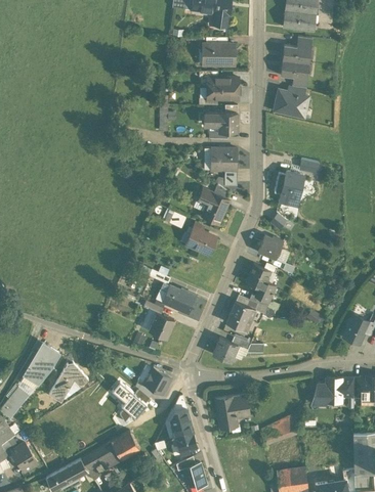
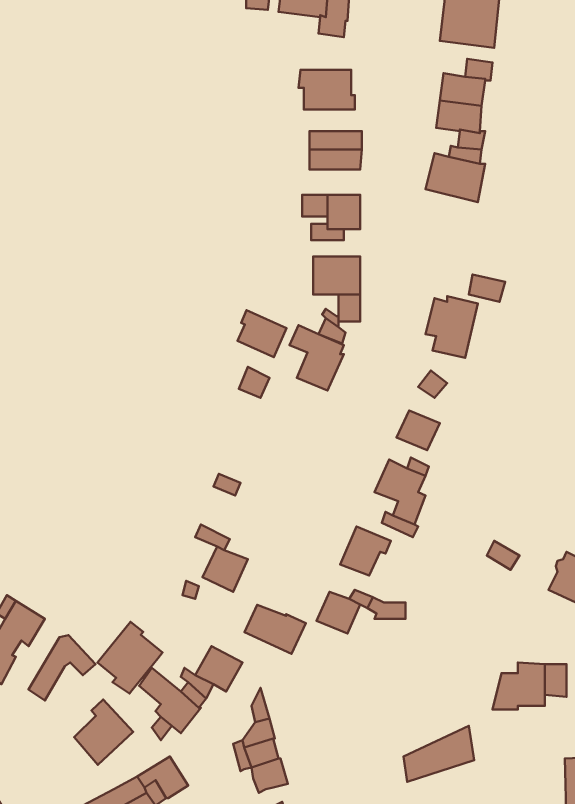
building: [188,227,215,254] -> [237,310,286,357]
building: [161,285,196,313] -> [244,605,306,654]
building: none -> [97,622,163,693]
building: [214,395,249,429] -> none
building: none -> [74,699,133,765]

